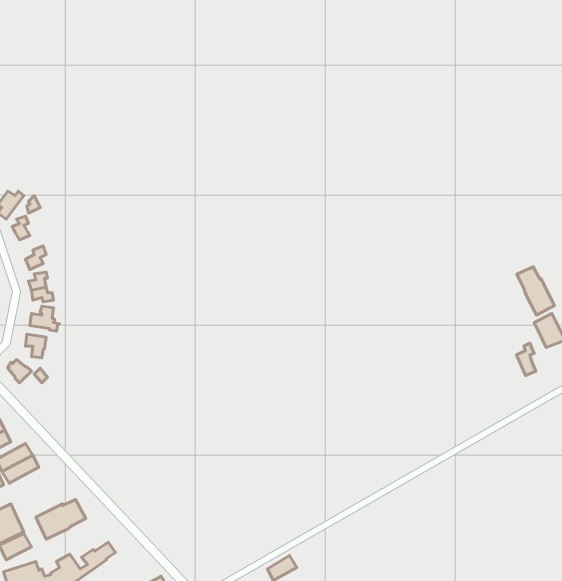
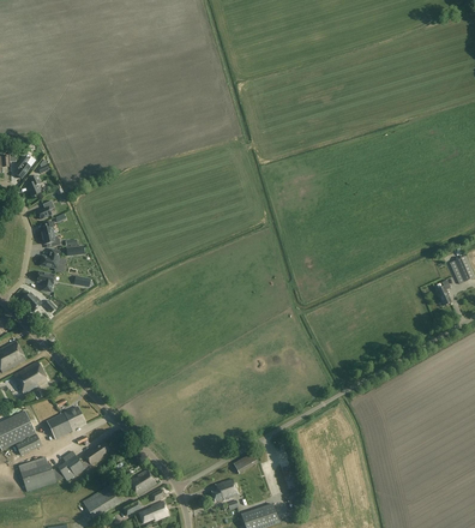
building: [517,267,554,315] -> none

